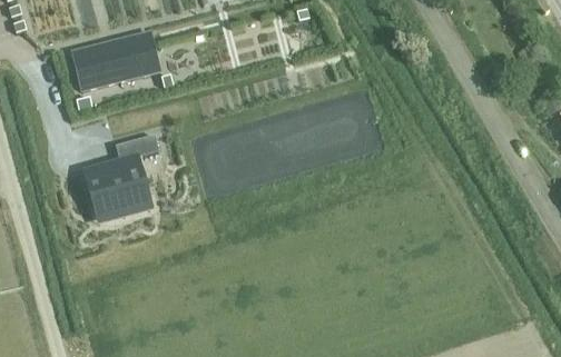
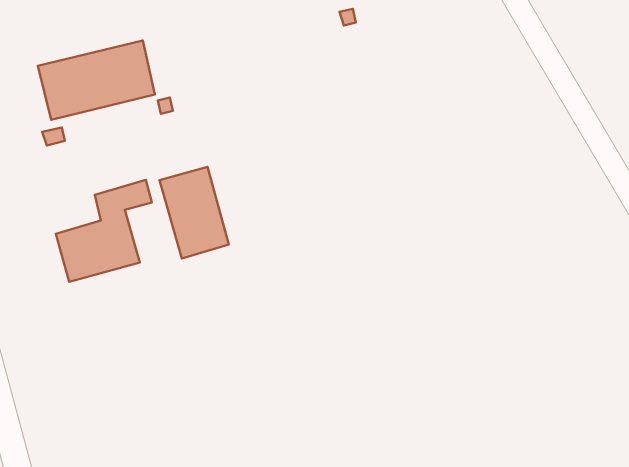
building: none -> [160,167,229,259]

